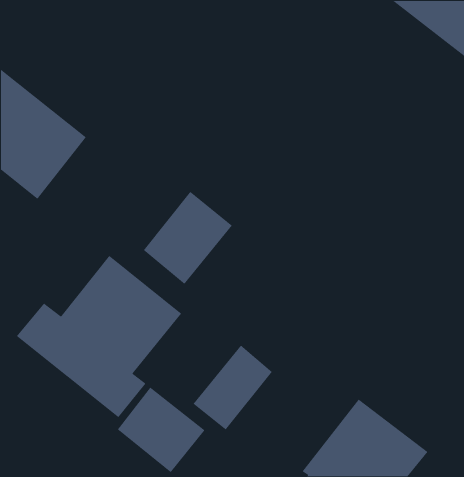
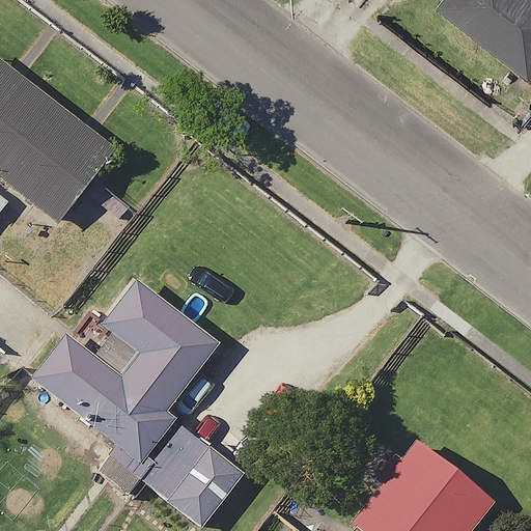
building: [143,191,233,285] -> none
building: [193,345,273,430] -> none

